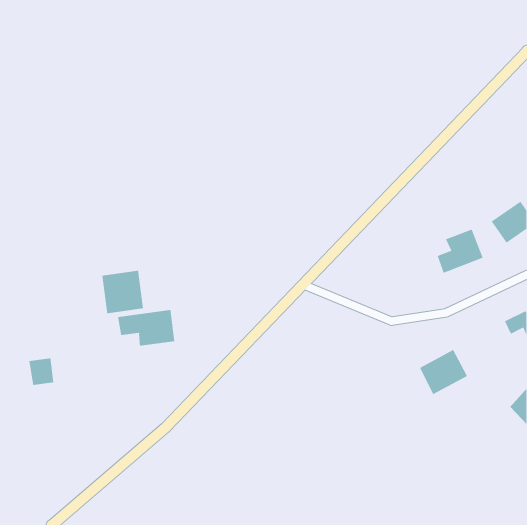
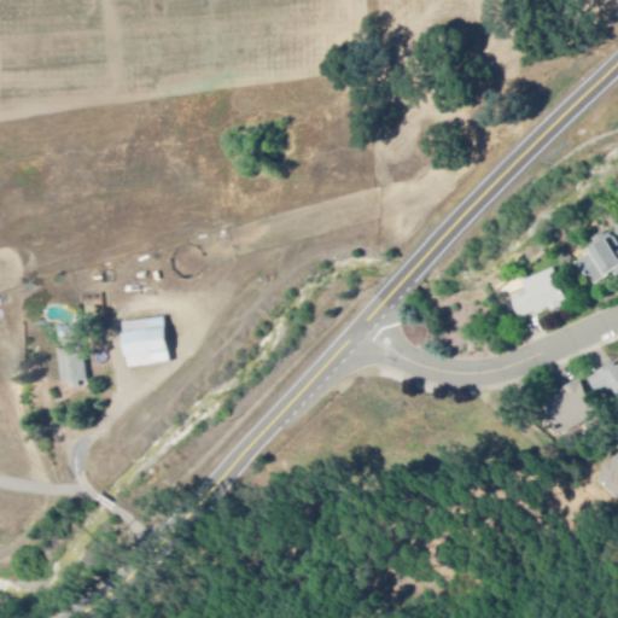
building: [117,309,175,347] -> none
building: [419,349,468,395] -> [540,380,596,433]
building: [28,358,54,386] -> [56,351,86,384]

